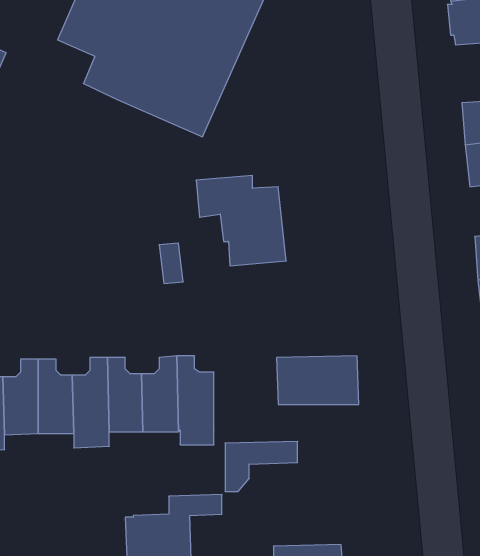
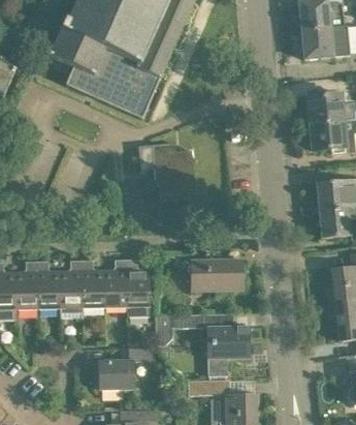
building: none -> [206,325,248,374]

